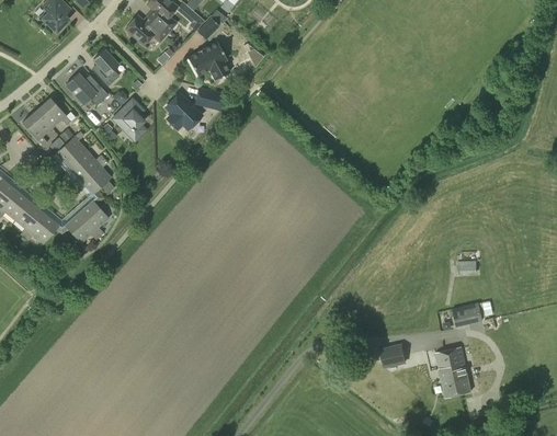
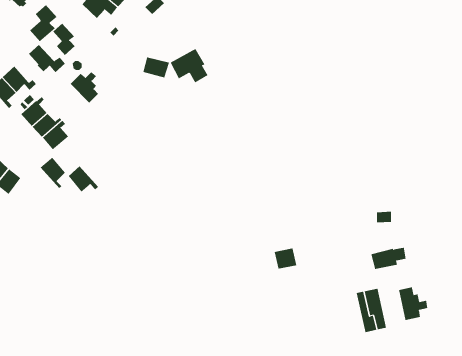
building: none -> [29,4,58,42]
building: [186,42,230,81] -> [170,48,209,83]
building: [166,92,201,128] -> none
building: [65,211,100,242] -> [68,165,99,193]
building: [379,344,406,368] -> [274,248,297,269]
building: none -> [398,287,428,321]

